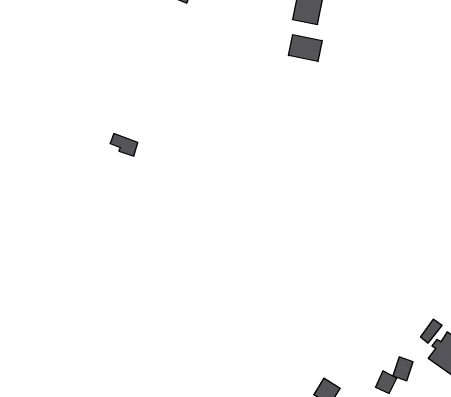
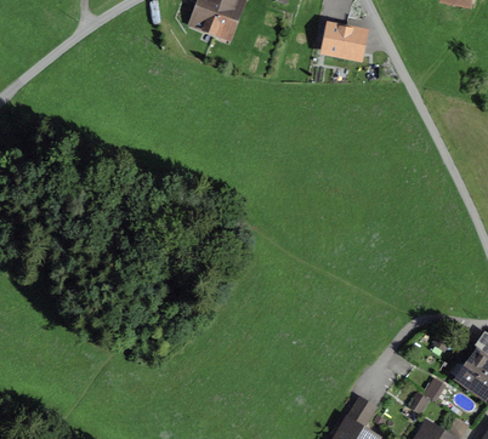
building: [289,35,322,62] -> none

